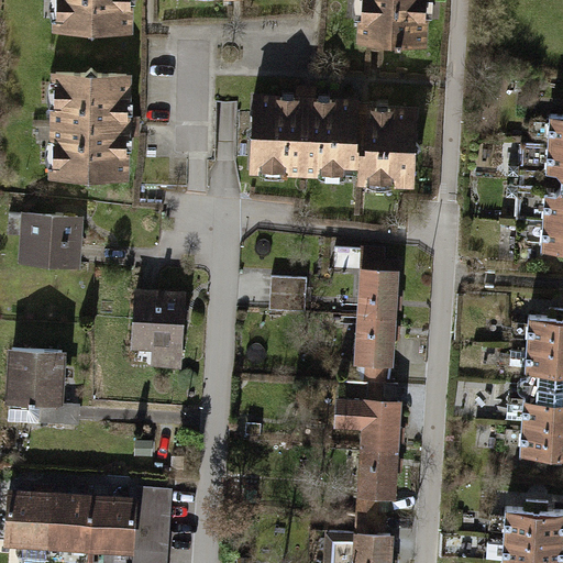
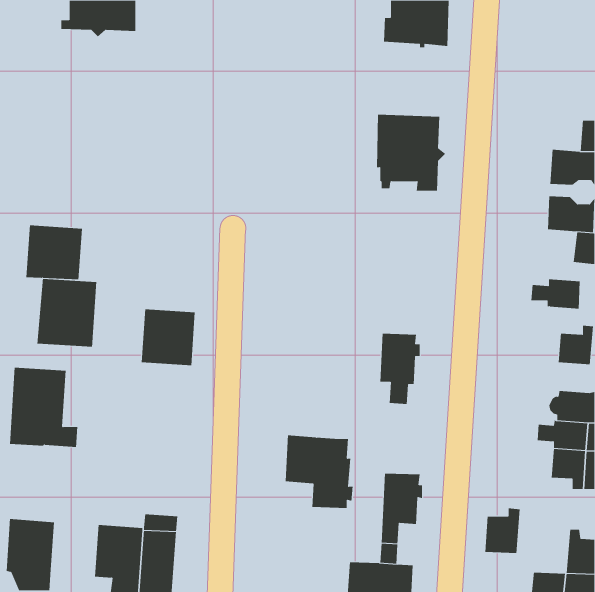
building: [54,69,128,185] -> none
building: [246,99,357,173] -> none
building: [361,251,399,319] -> none
building: none -> [37,278,97,348]
building: [269,278,308,313] -> none
building: [510,345,558,374] -> [531,279,581,309]
building: [338,382,402,451] -> [285,435,353,508]
building: [48,496,92,548] -> none
building: [504,501,538,544] -> [485,508,521,553]

